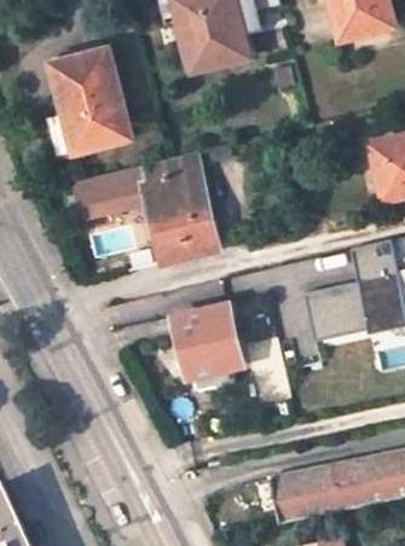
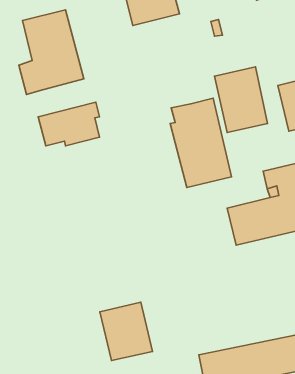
building: none -> [214,67,268,132]
building: [143,152,219,263] -> [170,98,232,188]
building: [168,307,233,379] -> [100,302,152,360]

